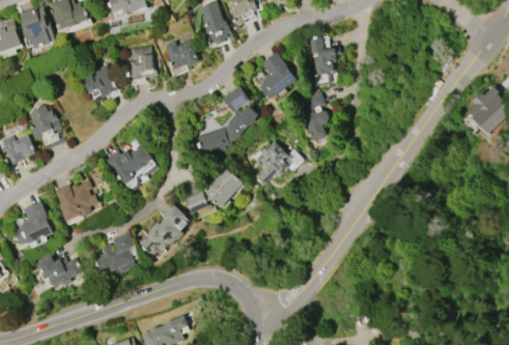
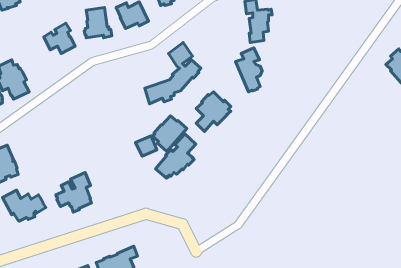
building: [259,51,298,99] -> none
building: [105,144,159,190] -> none
building: [55,180,98,222] -> none
building: [140,204,186,254] -> [156,134,196,178]

